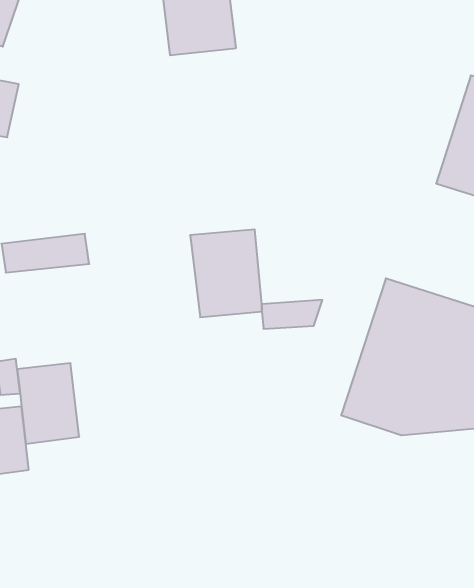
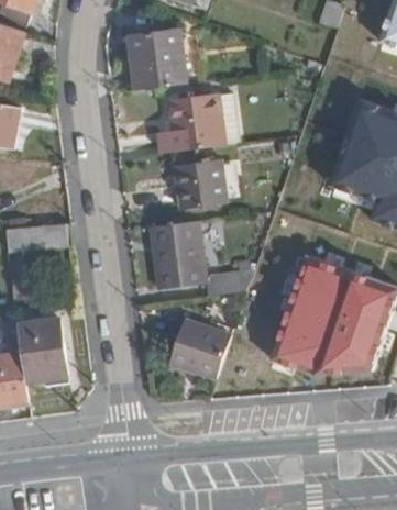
building: none -> [158,93,224,153]
building: none -> [177,158,228,208]
building: none -> [168,318,231,378]

